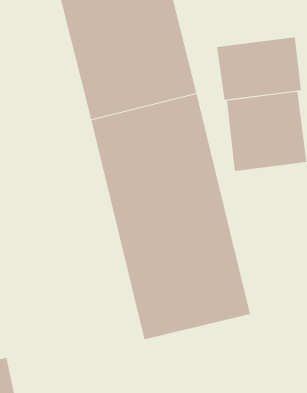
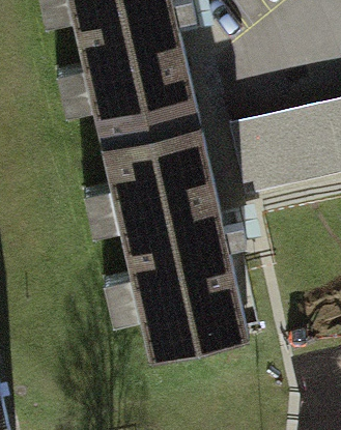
building: [216,36,302,100] -> none

